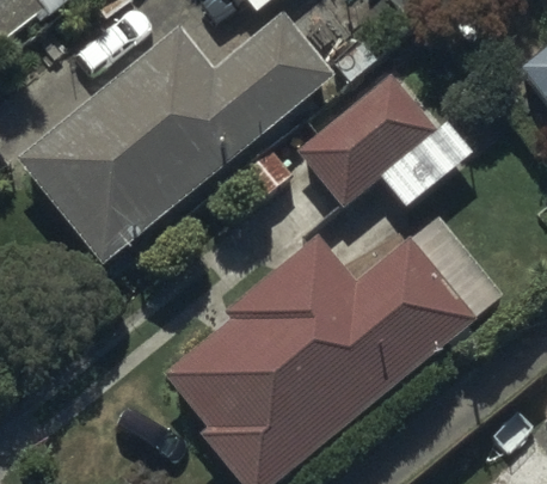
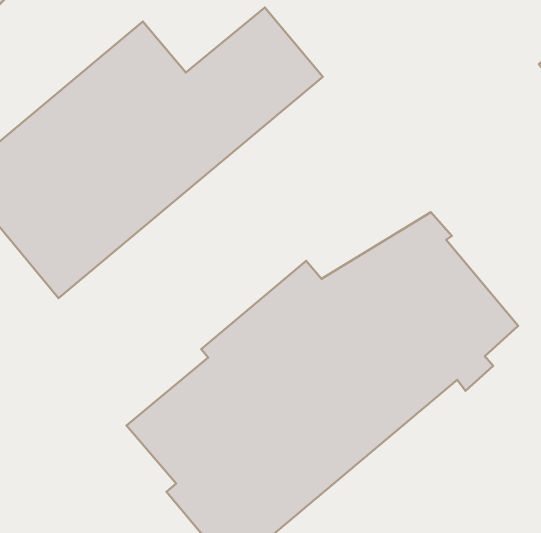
building: [293,76,468,209] -> none

